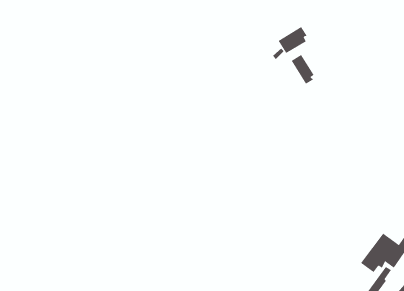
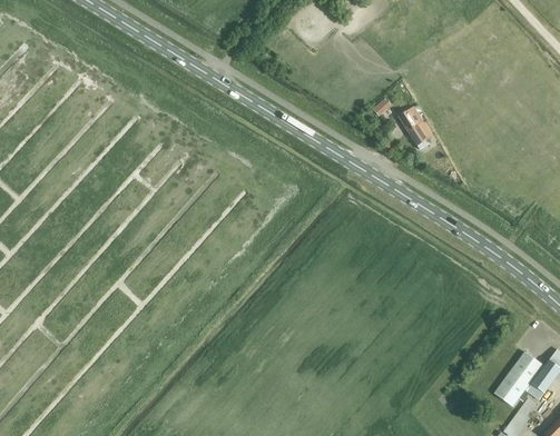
building: [278,26,308,54] -> none

